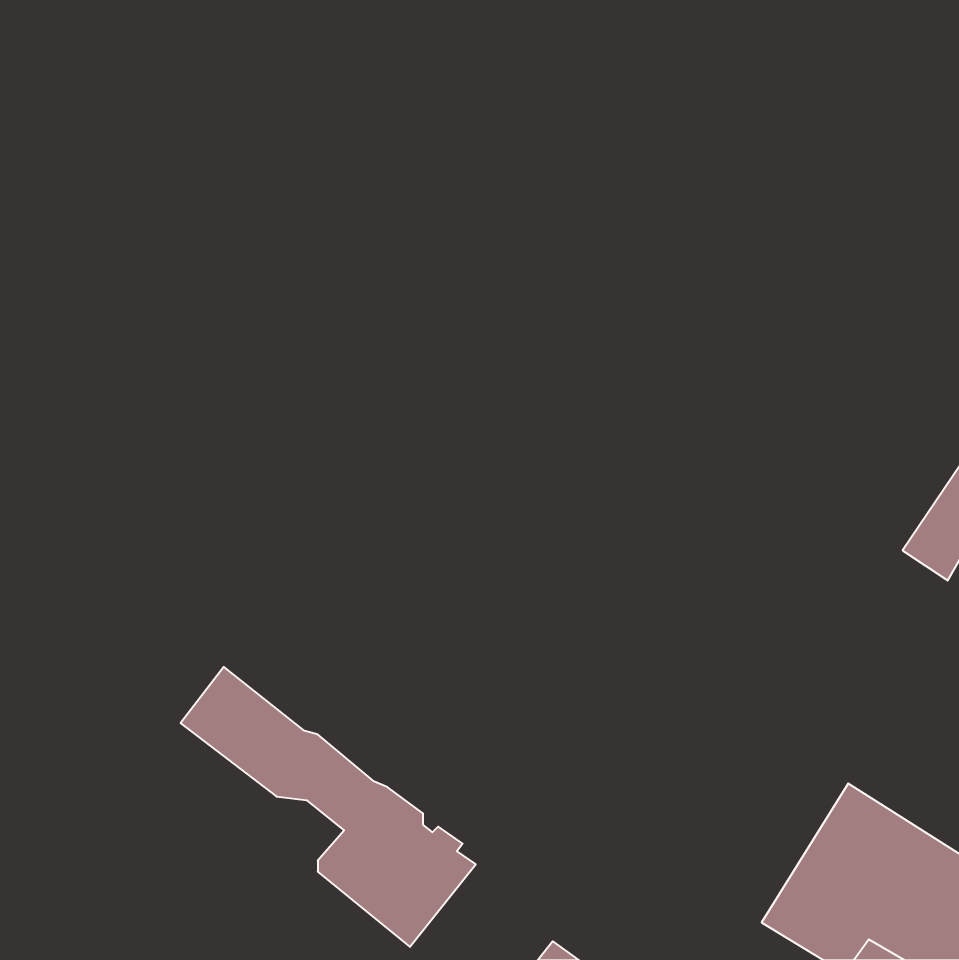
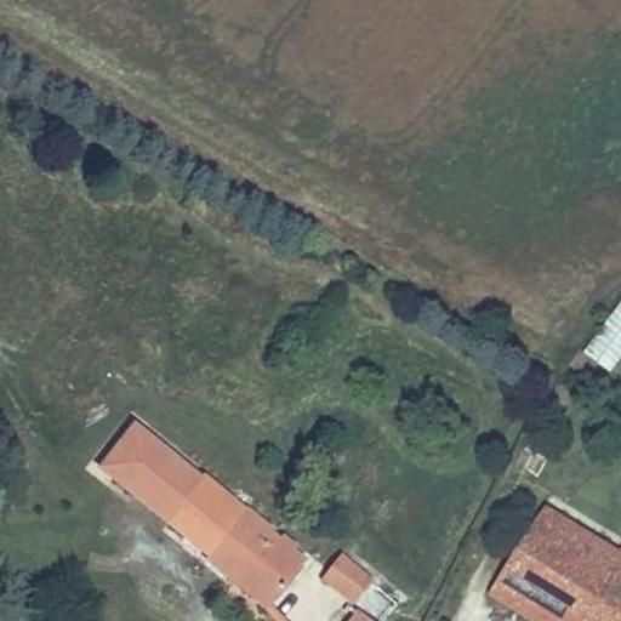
building: none -> [97,422,223,556]
building: none -> [320,553,375,604]

